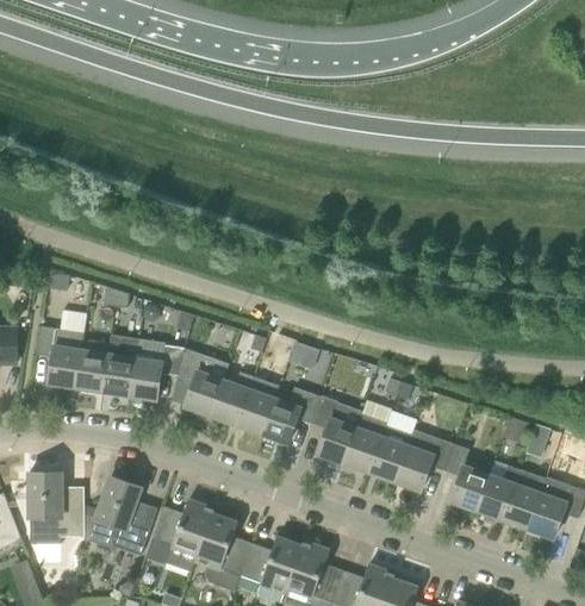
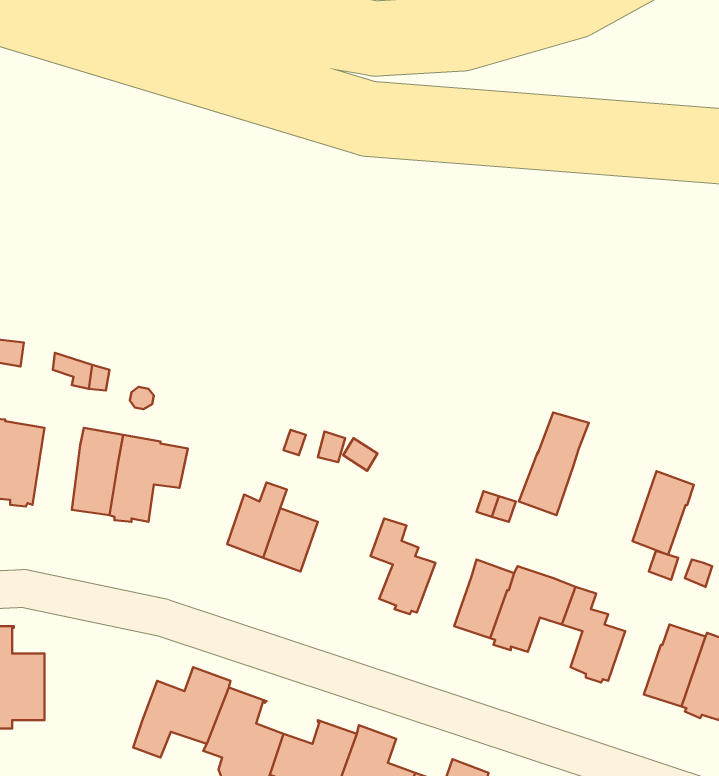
building: [75,339,108,392] -> none
building: [178,349,229,417] -> none
building: [262,388,320,444] -> none
building: [343,401,392,473] -> [519,413,589,515]
building: [477,462,519,520] -> [632,471,694,555]
building: [83,476,156,556] -> none

